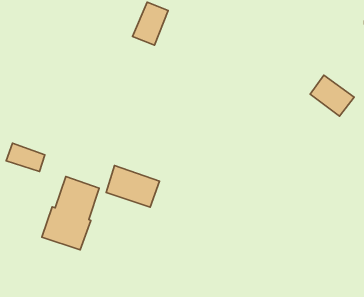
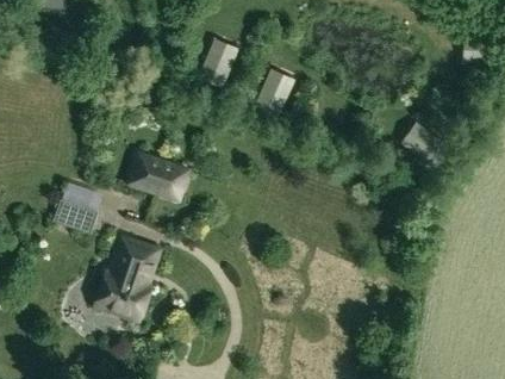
building: none -> [253,68,293,118]
building: [106,165,160,207] -> [127,153,188,200]

